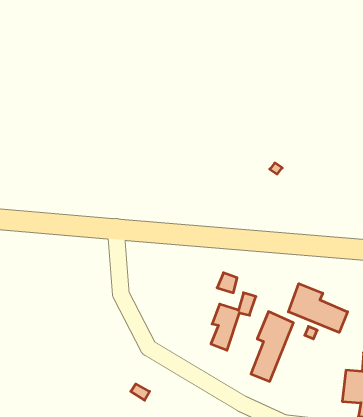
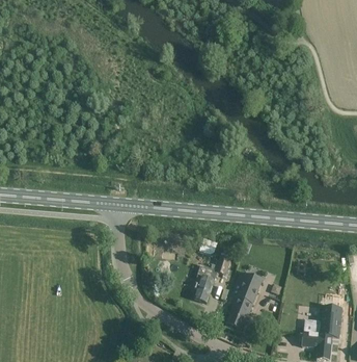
building: [288,284,348,332] -> none

